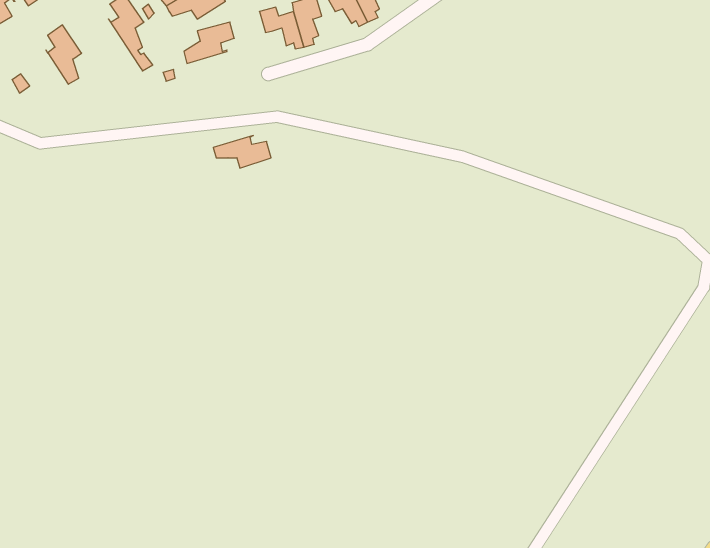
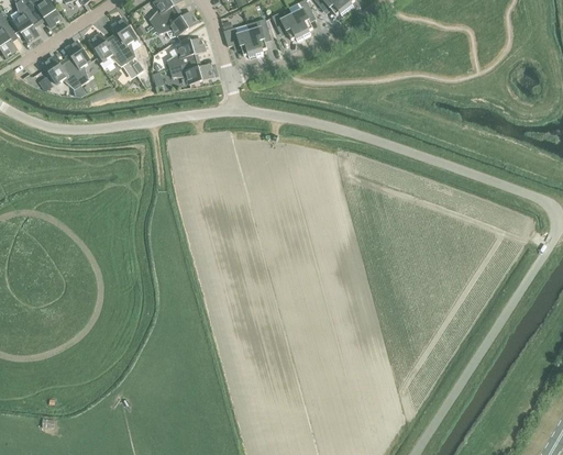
building: none -> [89,32,133,74]
building: none -> [42,55,80,89]
building: [213,136,271,168] -> [168,59,211,84]

